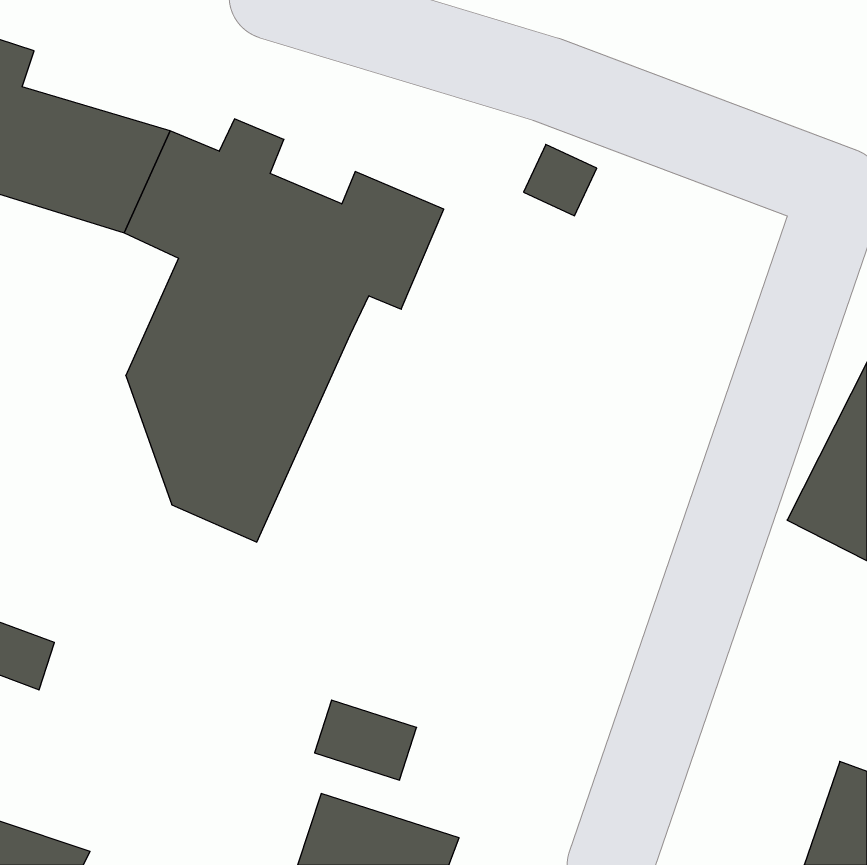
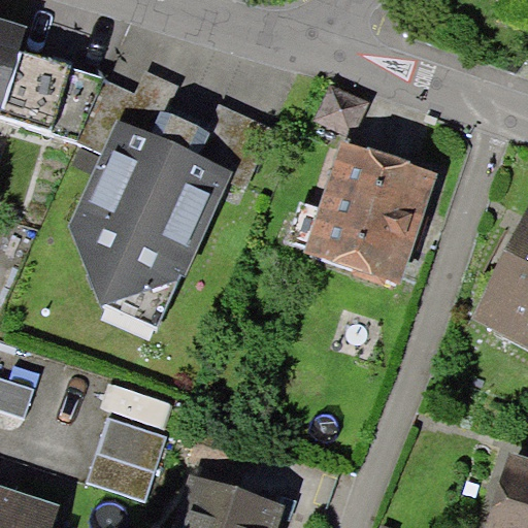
building: none -> [311,150,431,284]
building: none -> [87,418,166,500]

